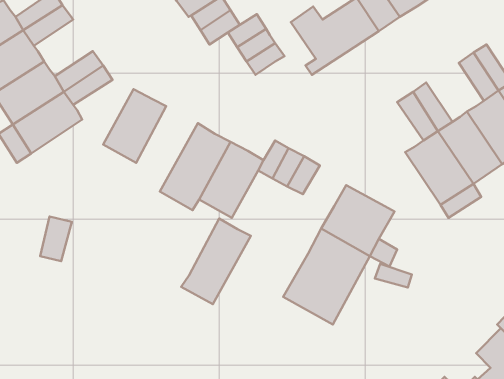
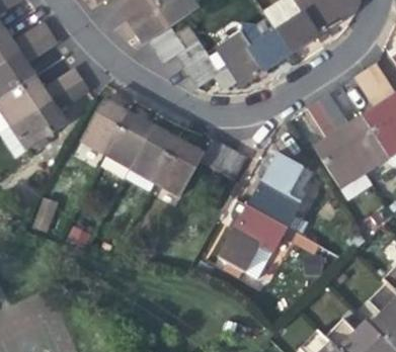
building: none -> [210,47,245,90]
building: none -> [268,153,314,191]
building: [181,219,251,304] -> [100,111,154,177]

